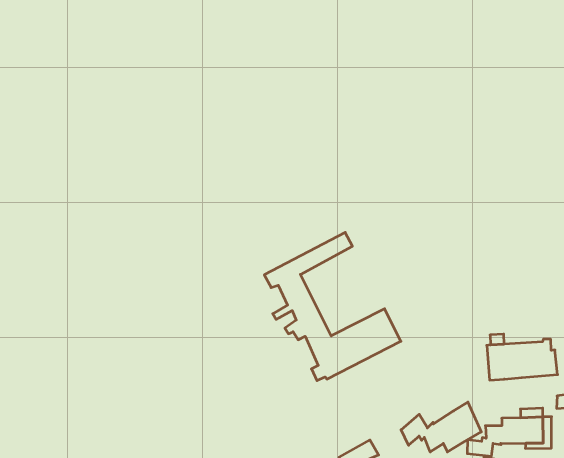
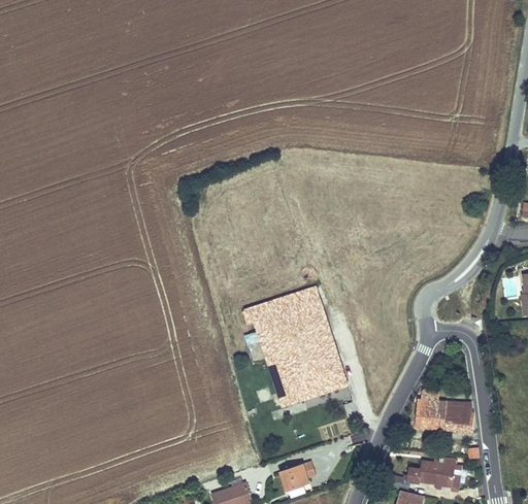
building: none -> [273,299,338,370]
building: [401,402,481,452] -> none

